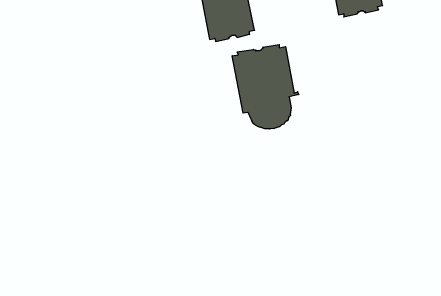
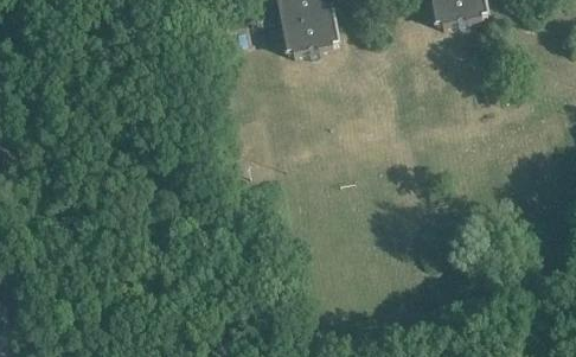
building: [232,45,299,129] -> none

